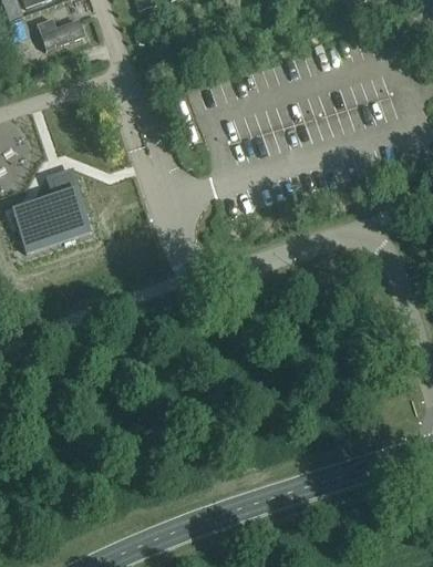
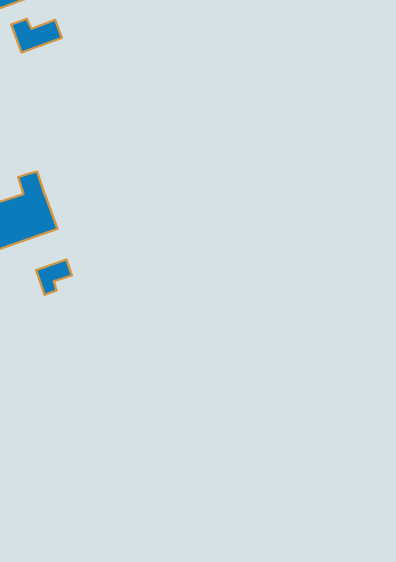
building: none -> [36,260,72,295]

